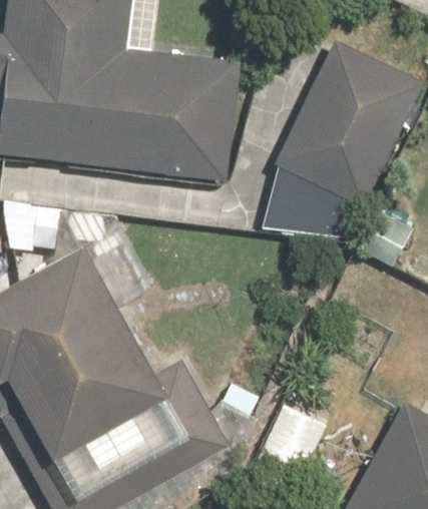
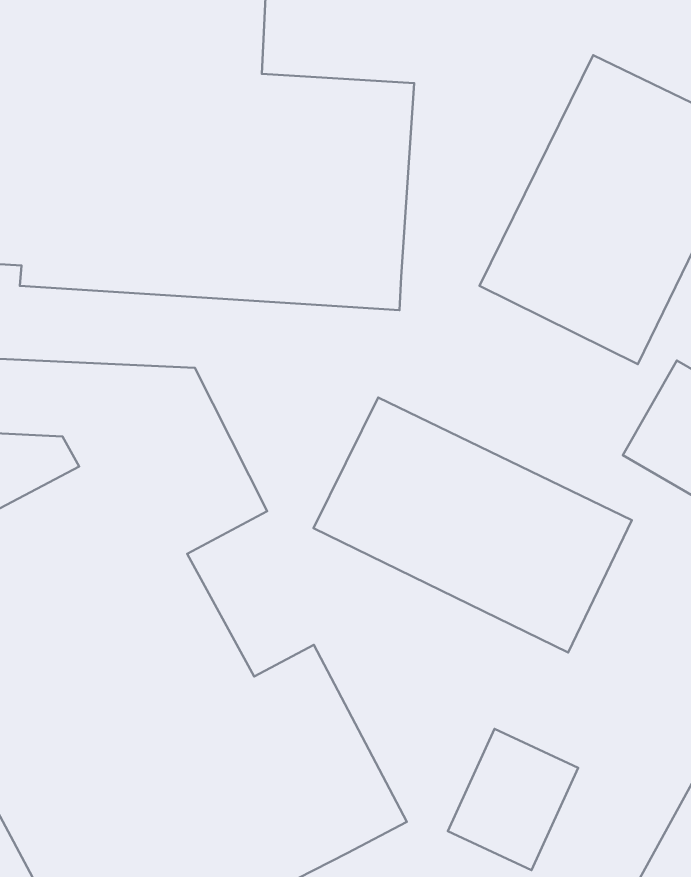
building: none -> [313,397,632,652]

